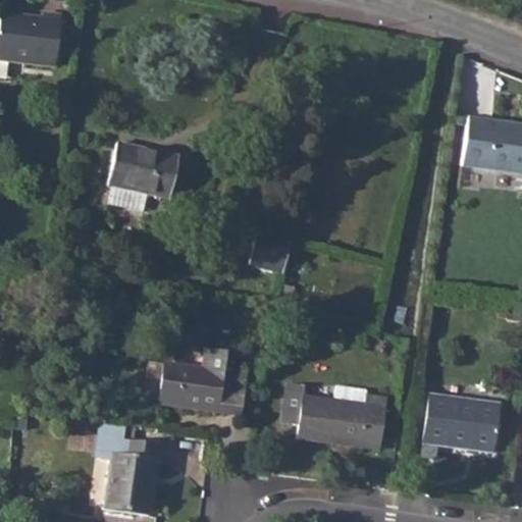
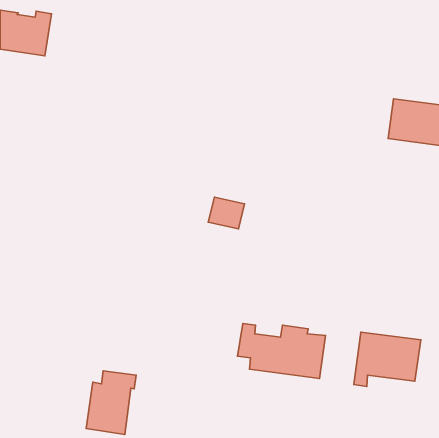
building: [107,142,179,210] -> none
building: [158,346,250,414] -> none
building: [95,423,125,458] -> none

